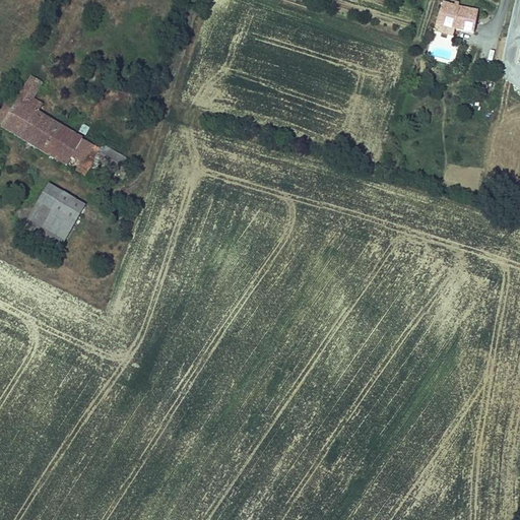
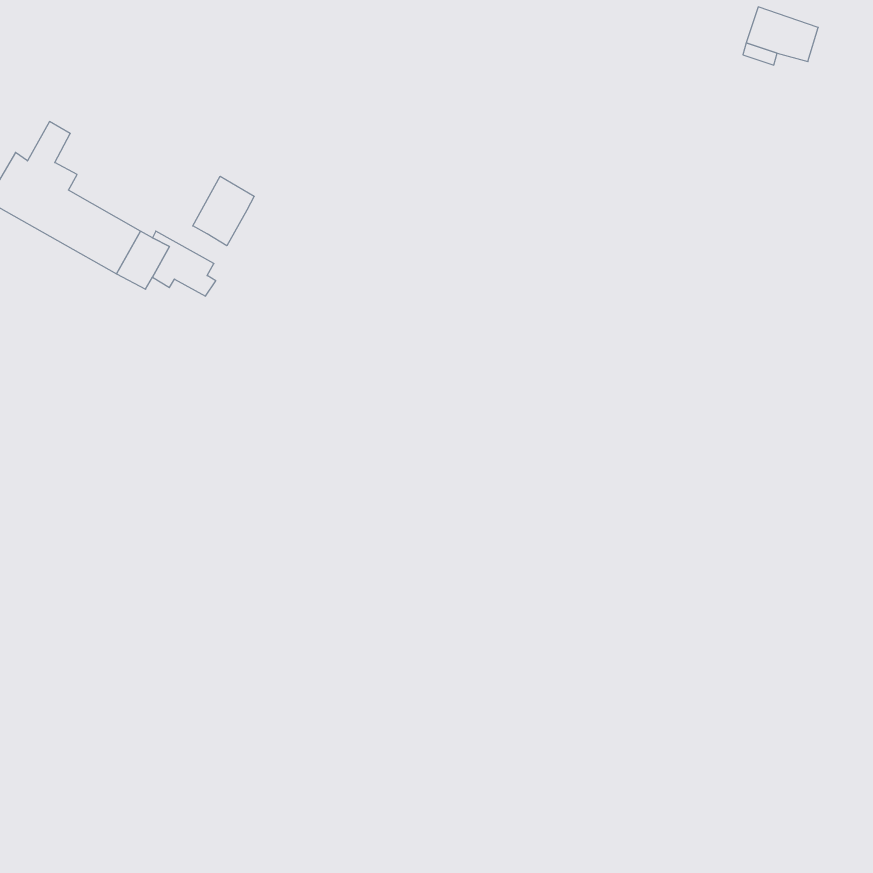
building: none -> [193,176,254,246]
building: [19,182,84,252] -> none

